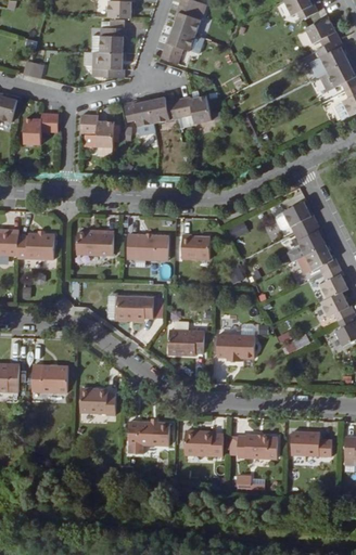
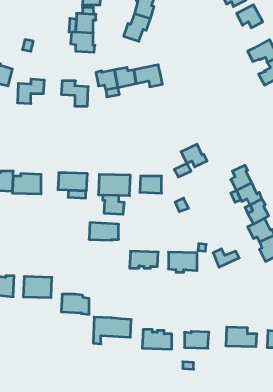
building: [317,38,347,72] -> none
building: [282,201,316,230] -> [181,144,207,167]
building: none -> [103,195,124,214]

